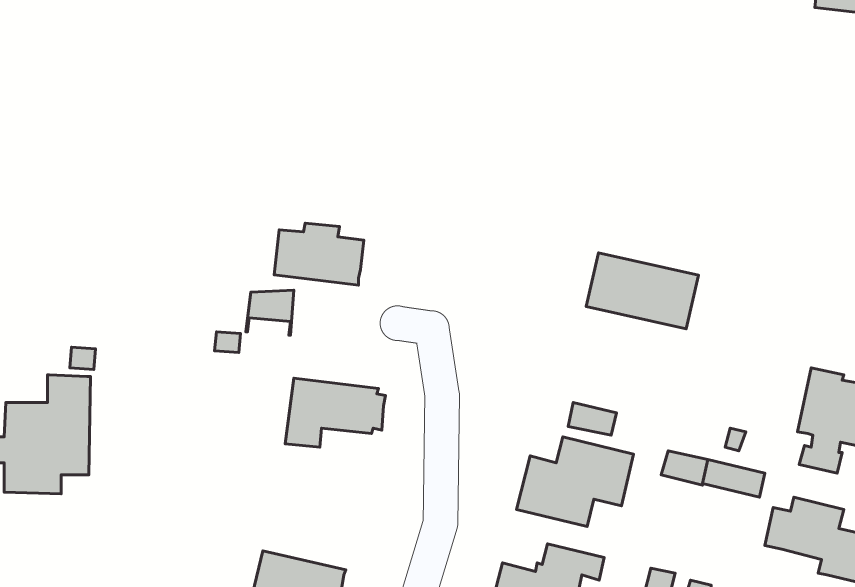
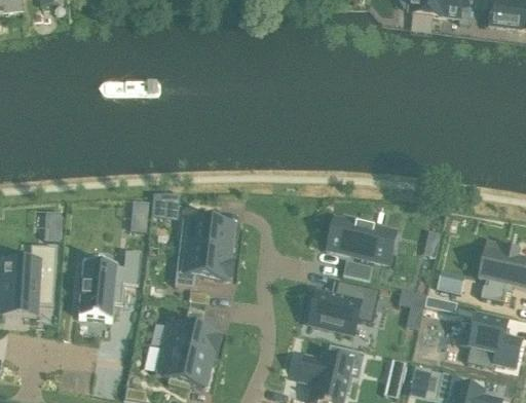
building: [274,223,364,285] -> [179,215,232,252]
building: [586,253,698,329] -> [328,217,394,262]
building: none -> [78,250,141,320]
building: none -> [160,309,220,360]

